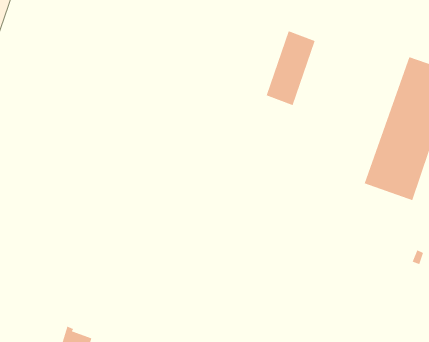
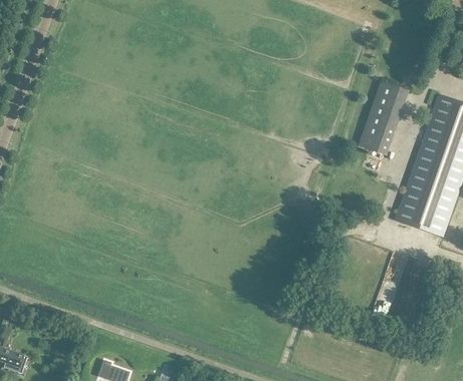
building: [266,31,316,106] -> [359,80,408,154]

